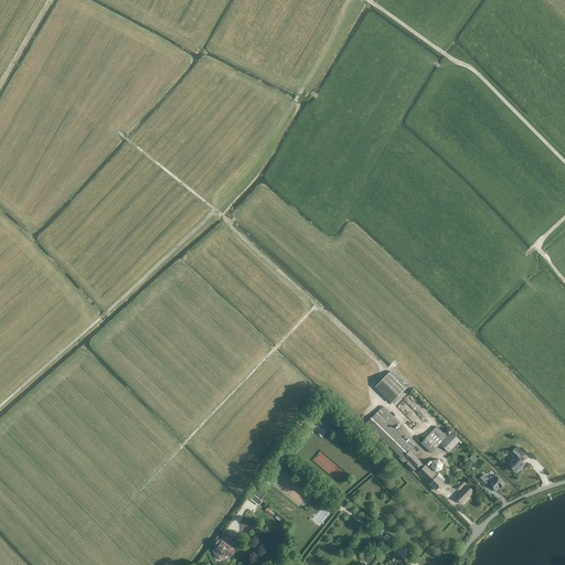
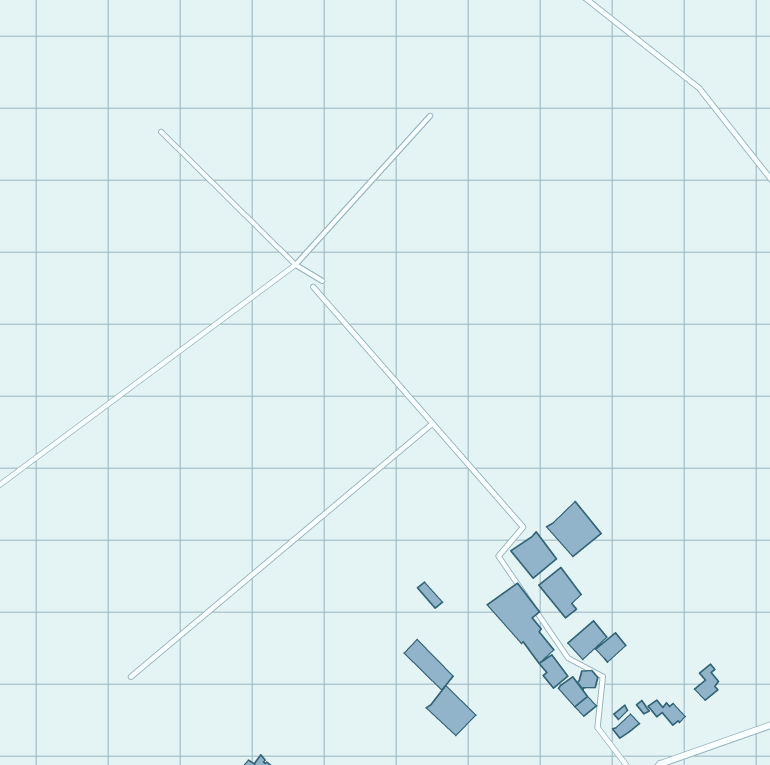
building: none -> [547,502,601,557]
building: none -> [426,686,476,736]

